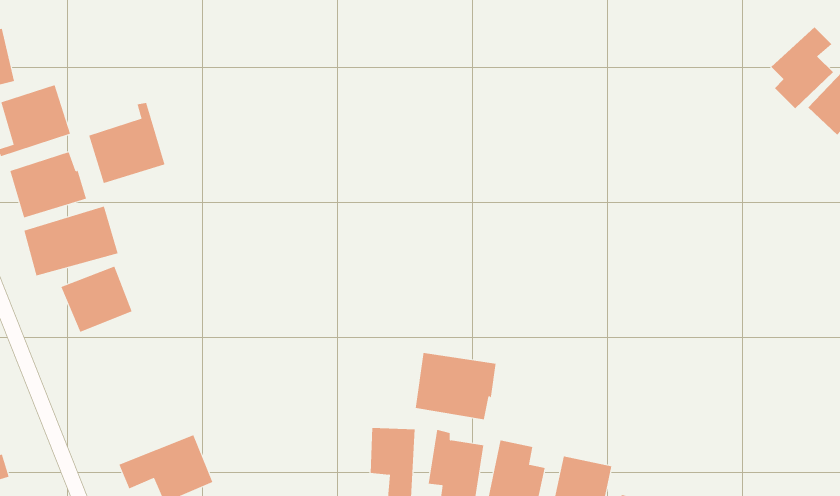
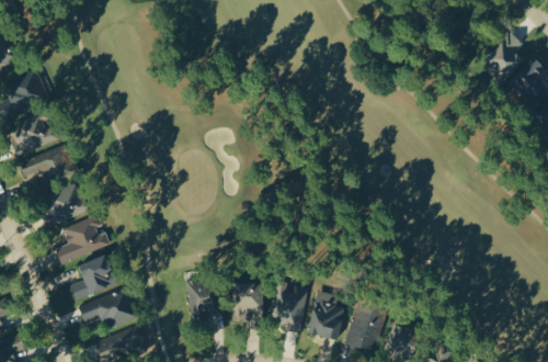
building: [89,102,165,184] -> none
building: none -> [54,216,109,264]
building: [415,352,496,420] -> none
building: none -> [69,257,114,299]
building: none -> [183,278,220,321]

